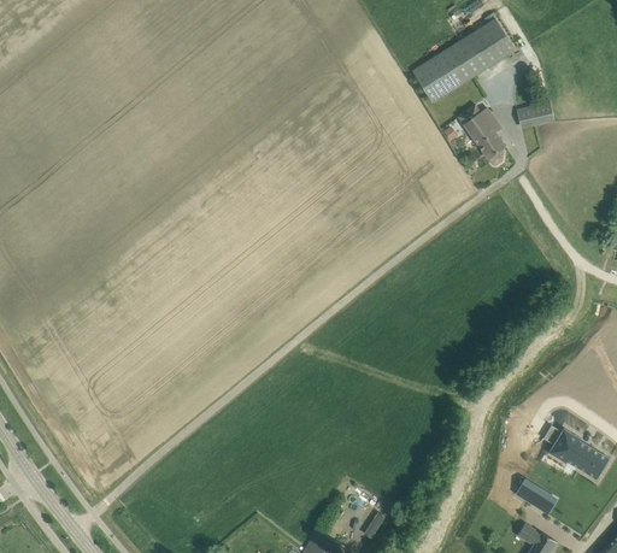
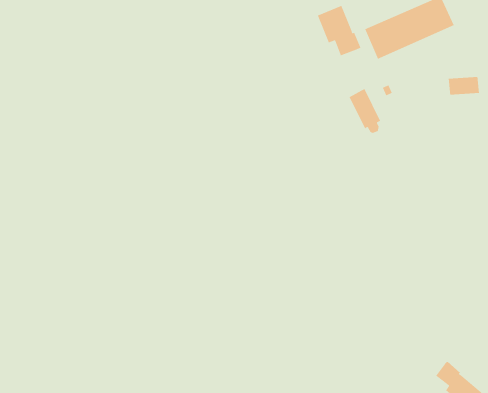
building: none -> [317,5,361,57]
building: [464,112,505,163] -> [348,88,381,134]

